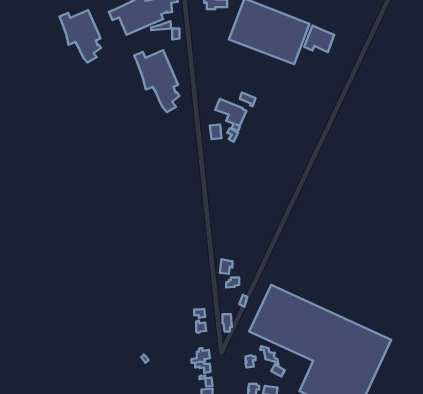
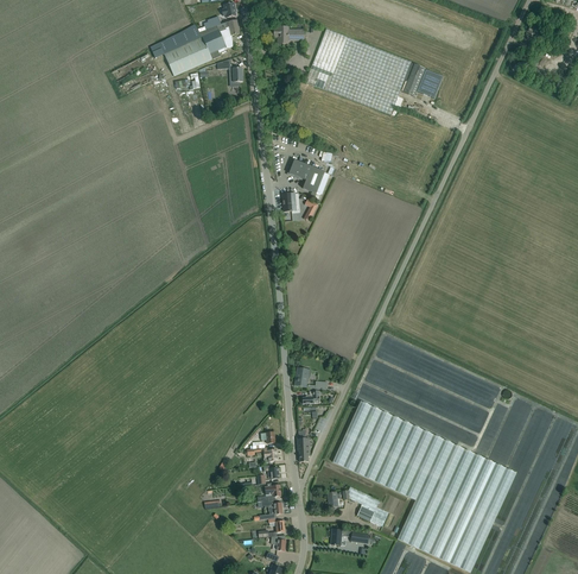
building: [59,10,101,62] -> none
building: [134,50,179,112] -> none

